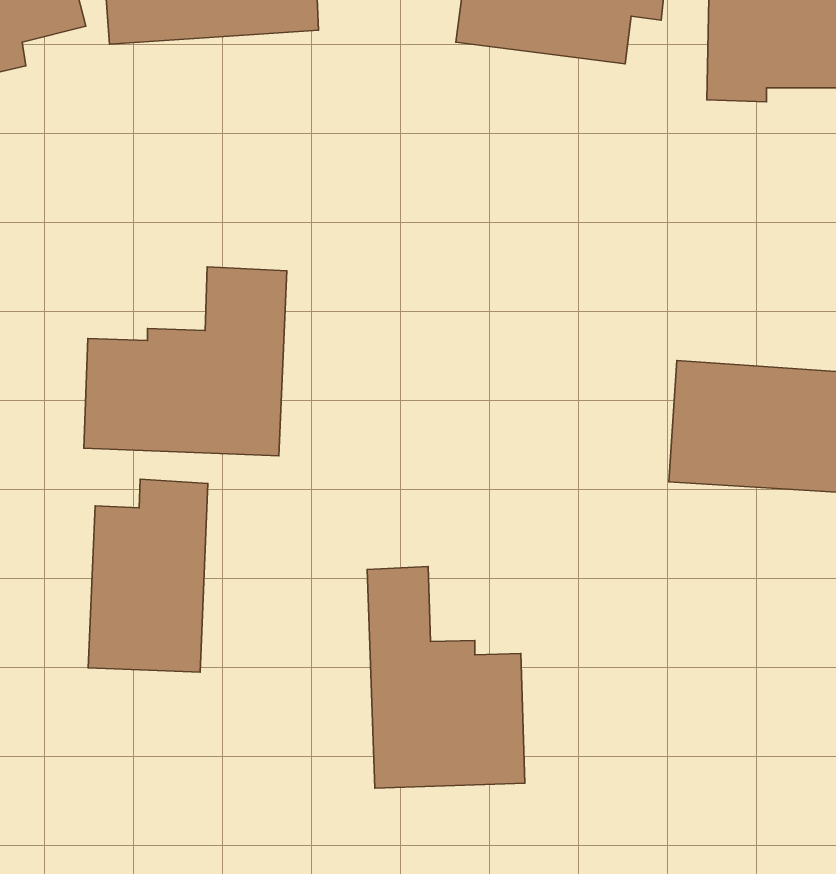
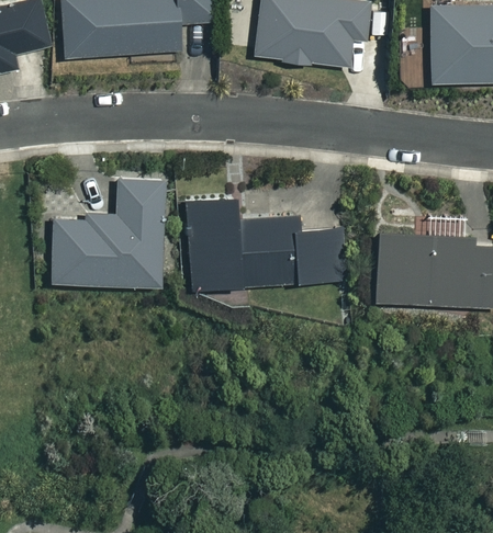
building: none -> [186,197,348,285]
building: [88,479,208,672] -> none
building: [367,566,525,788] -> none

